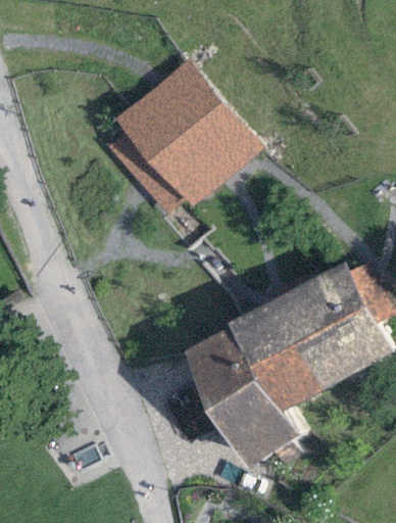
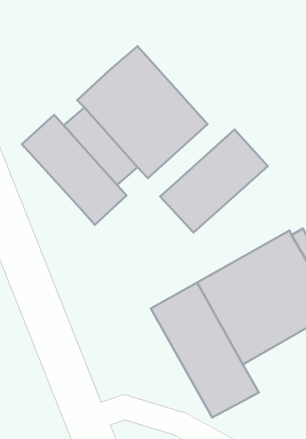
building: none -> [22,115,126,225]
building: none -> [160,130,268,233]

